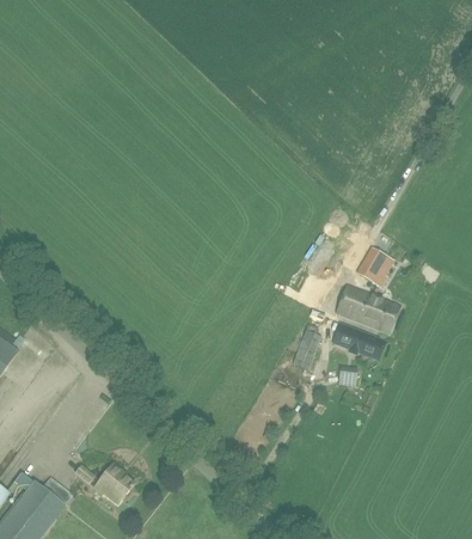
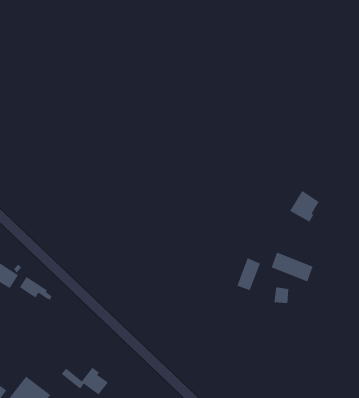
building: [337,286,399,333] -> none
building: none -> [19,276,52,300]

